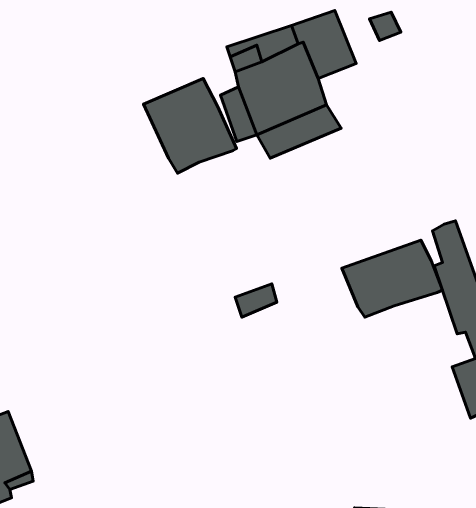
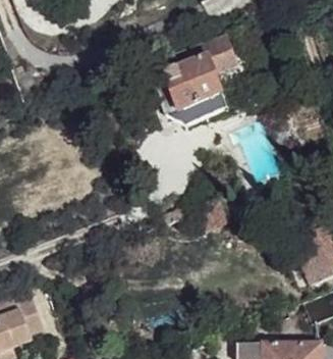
building: [143,79,236,173] -> none
building: [342,240,442,317] -> none

